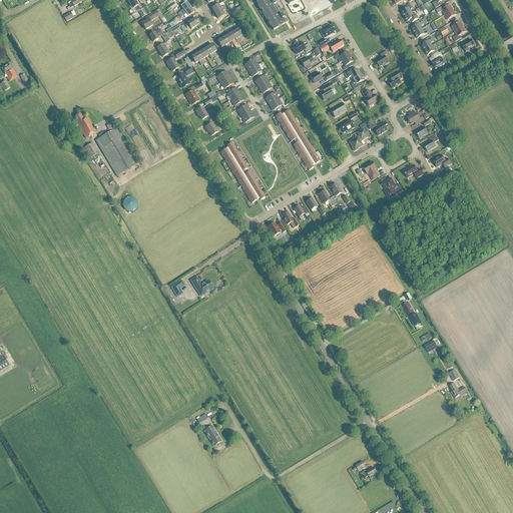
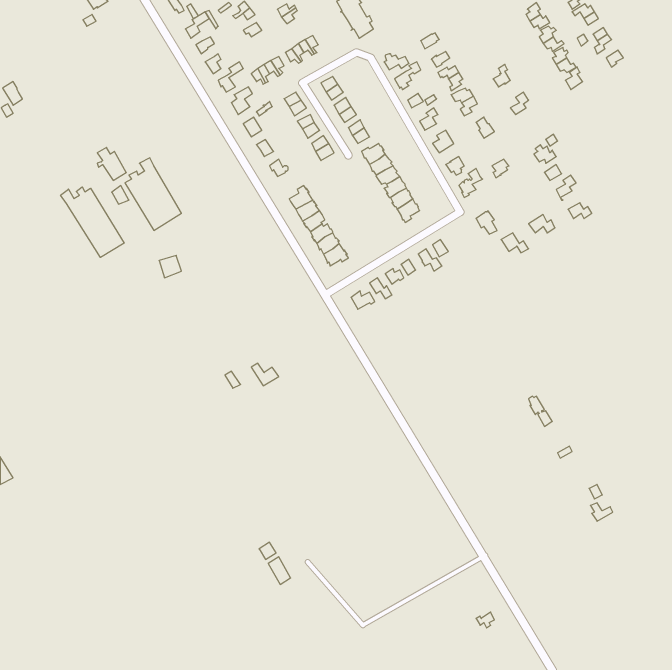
building: none -> [61,187,124,257]

